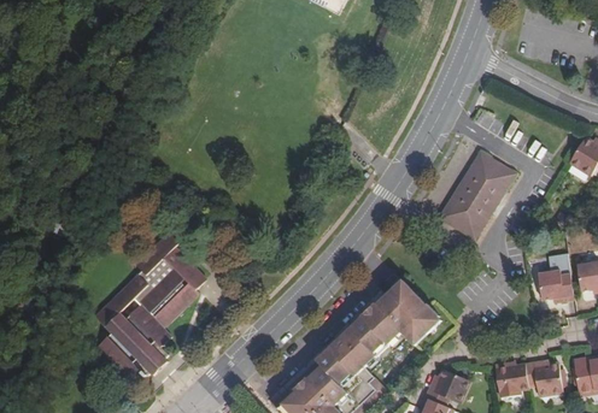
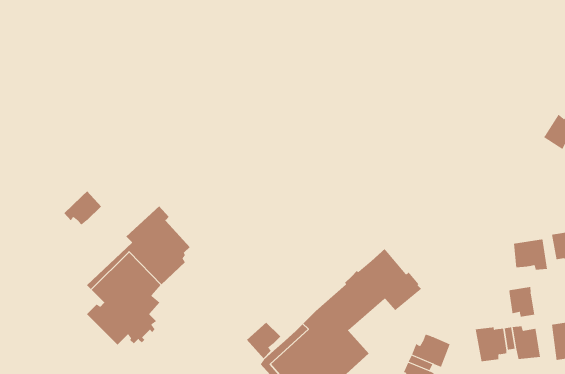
building: [432,152,516,242] -> none
building: none -> [63,190,102,226]
building: none -> [508,286,535,318]
building: none -> [246,322,281,359]

